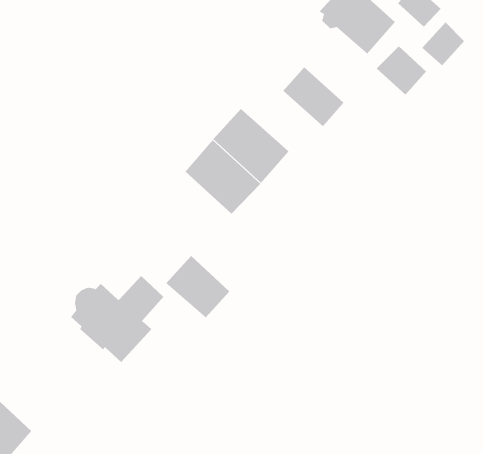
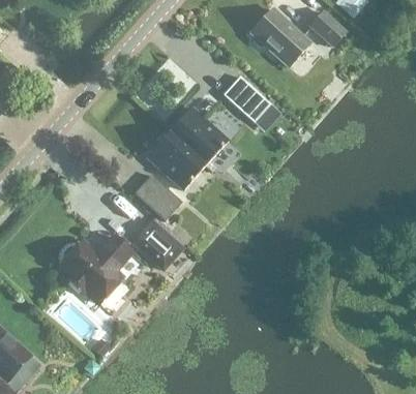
building: [421,21,465,66] -> none
building: [376,46,427,96] -> none
building: none -> [133,175,181,220]

